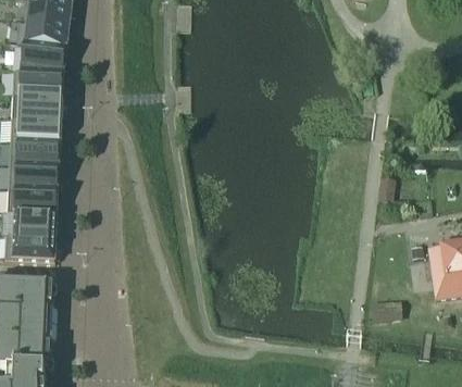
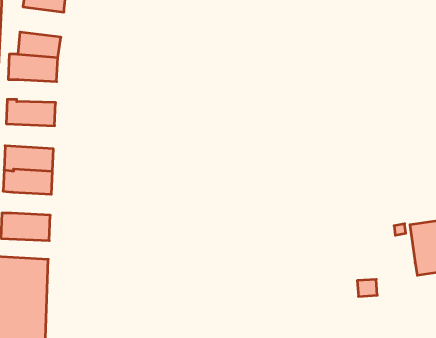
building: [23,15,68,47] -> none
building: [20,90,61,114] -> none
building: [8,136,59,162] -> none
building: [14,207,55,230] -> none

